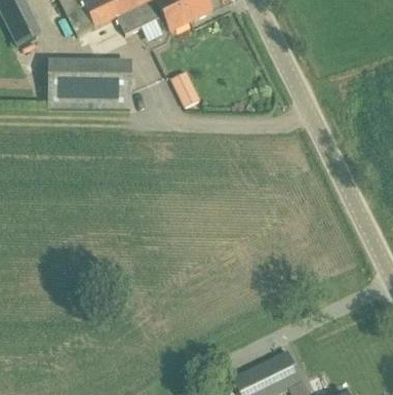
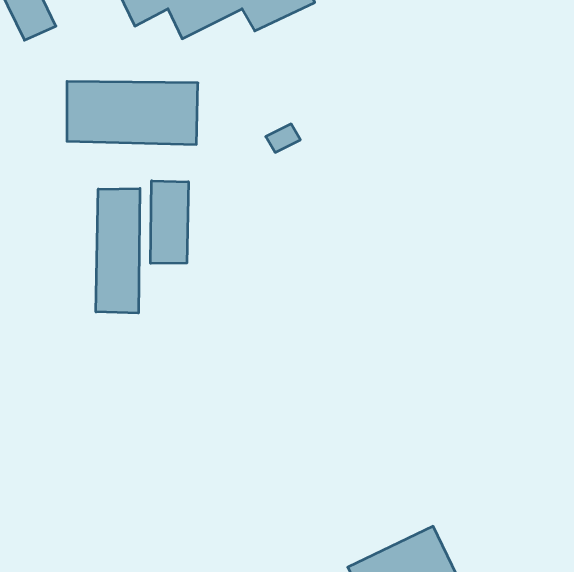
building: none -> [151,181,188,263]
building: none -> [96,188,140,313]

